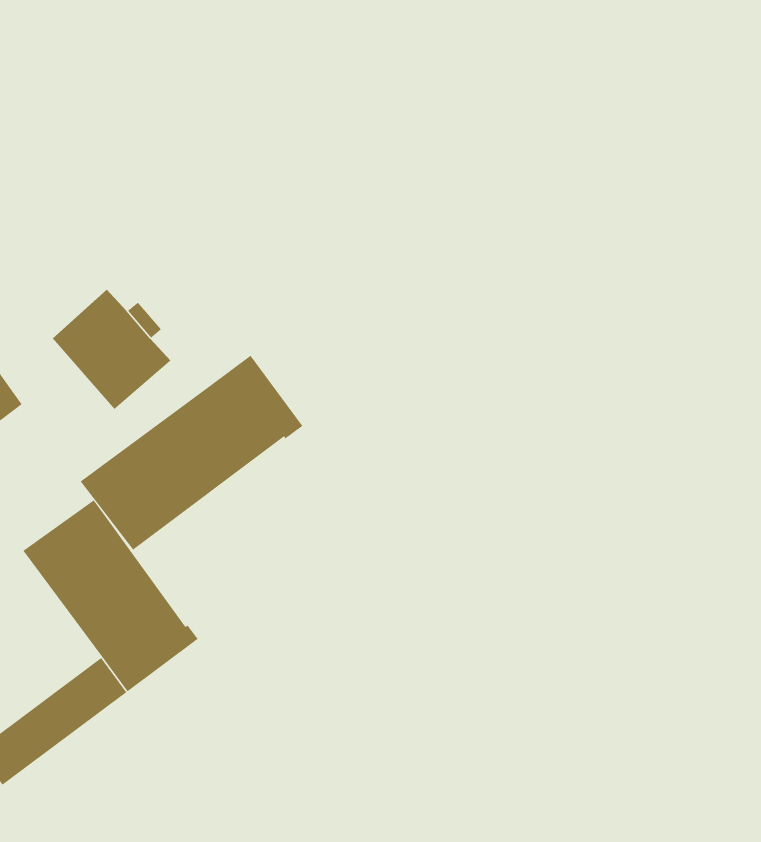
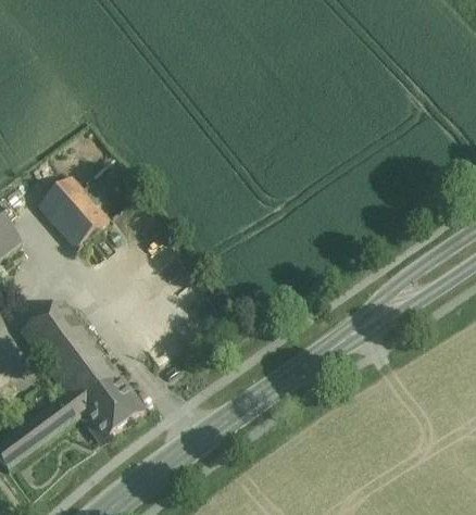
building: [80,355,303,551] -> none
building: none -> [83,381,143,438]

